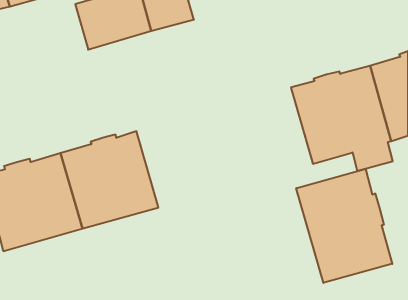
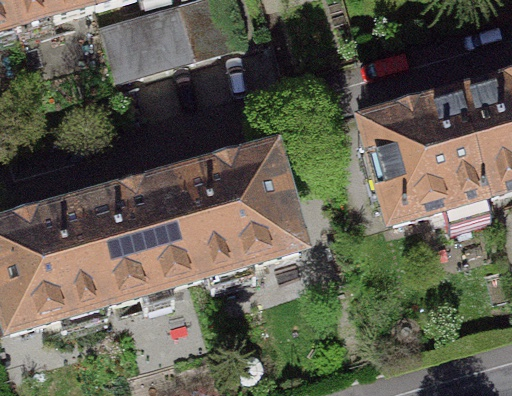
building: none -> [175,152,299,273]
building: [296,169,392,283] -> none

